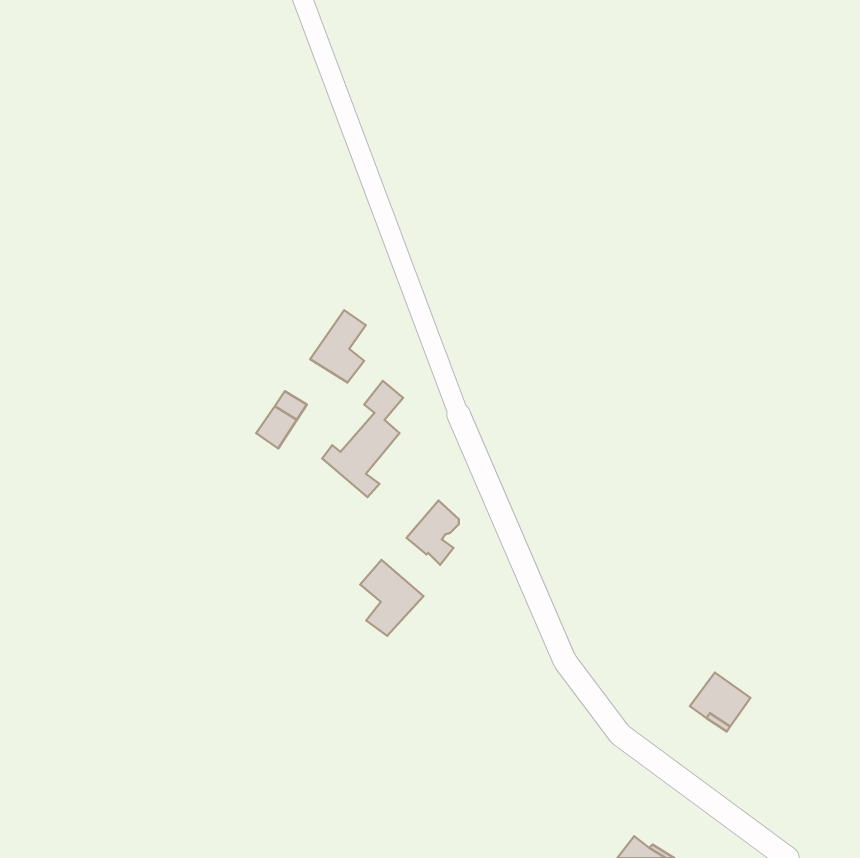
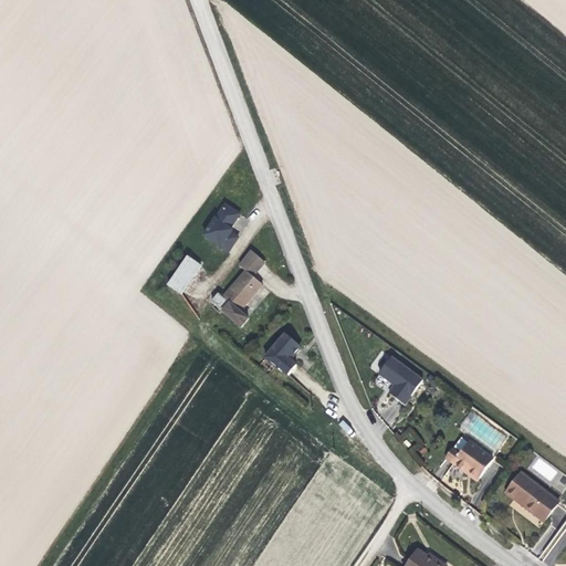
building: none -> [377,356,421,405]
building: [360,560,423,636] -> none
building: none -> [504,472,556,520]

